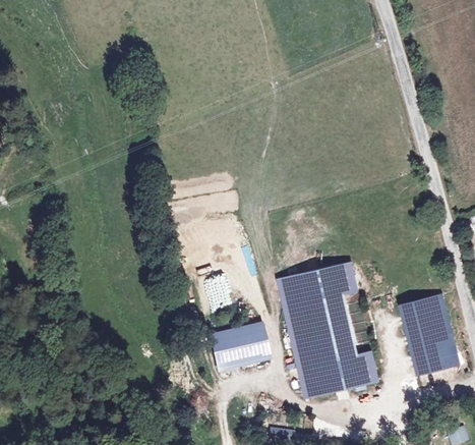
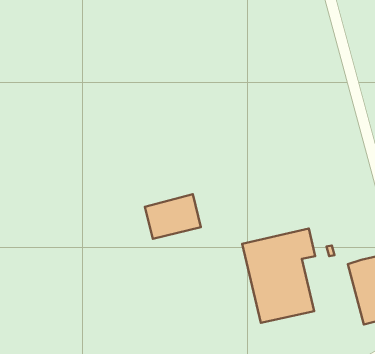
building: [205,317,270,368] -> [145,194,201,239]
building: [299,356,381,402] -> none

